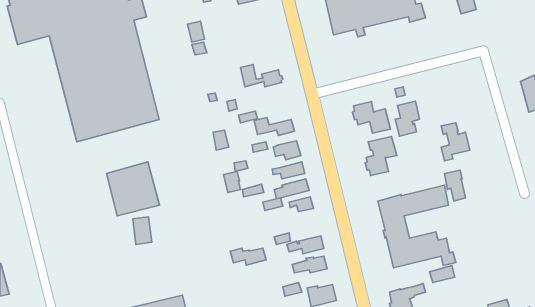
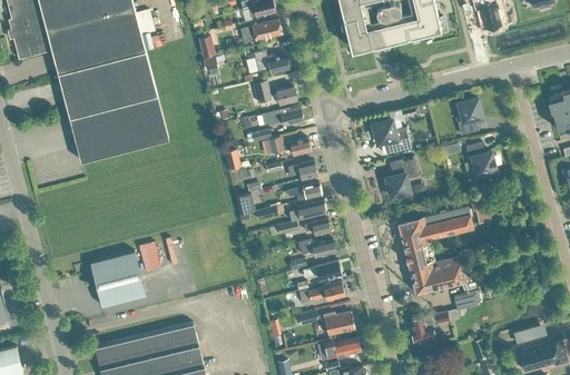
building: none -> [242,19,282,43]
building: none -> [248,56,289,73]
building: none -> [262,108,304,127]
building: [395,101,420,136] -> [456,99,482,136]
building: [107,162,159,216] -> [90,250,146,307]
building: [230,248,266,265] -> [298,240,336,258]

